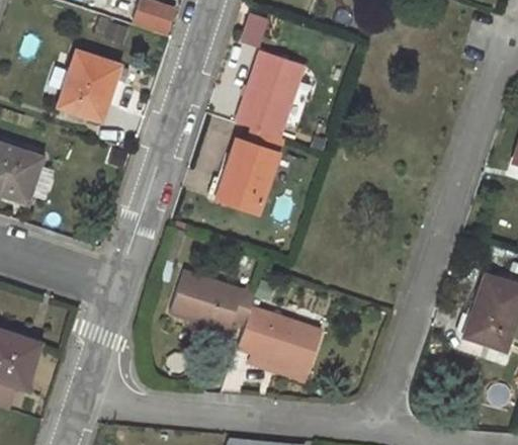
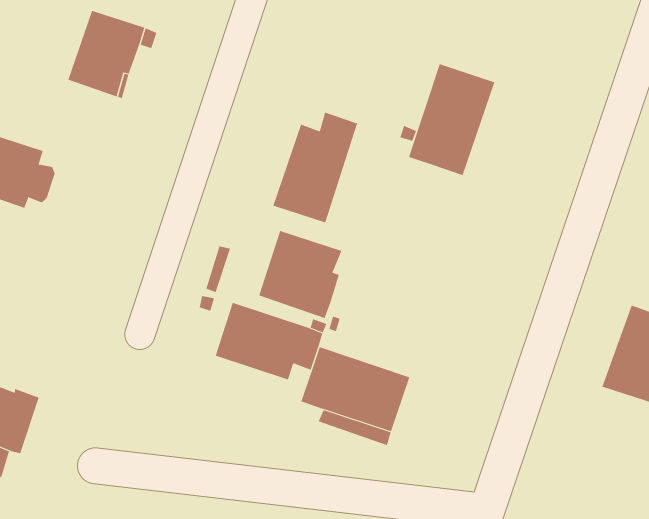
building: [236,52,301,137] -> [408,63,495,176]
building: none -> [258,230,342,319]

